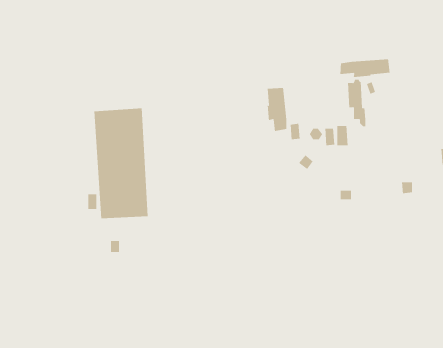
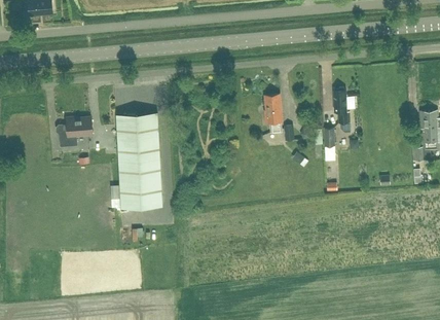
building: [340,58,390,78] -> none
building: none -> [56,117,93,146]

